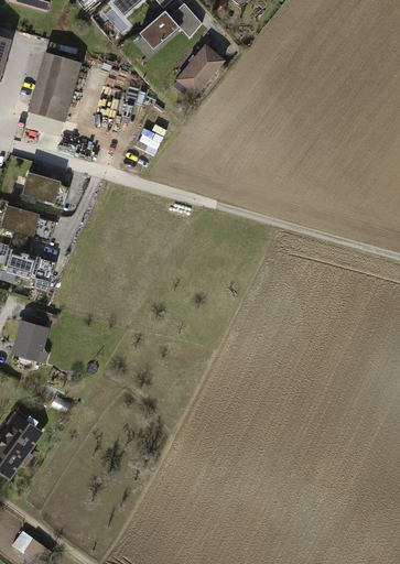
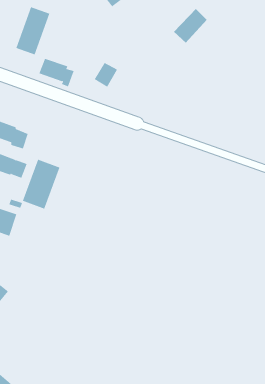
building: [177,45,221,93] -> [173,8,208,44]
building: [21,172,68,208] -> [38,58,75,87]
building: none -> [22,159,60,210]

